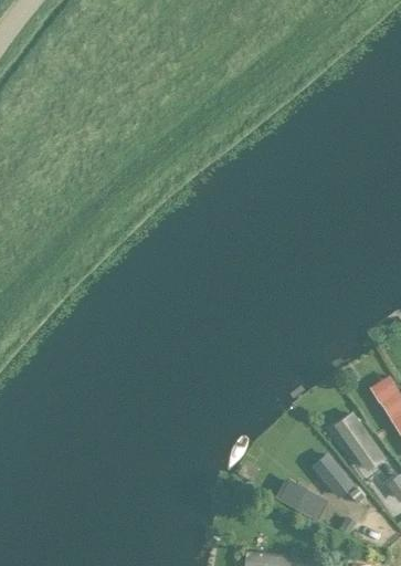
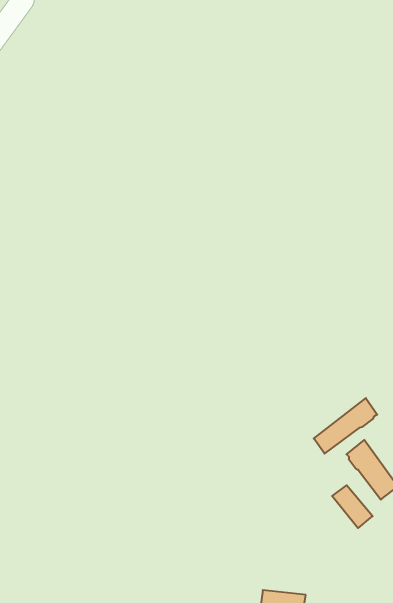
building: none -> [314,398,377,454]
building: [279,482,323,516] -> none

